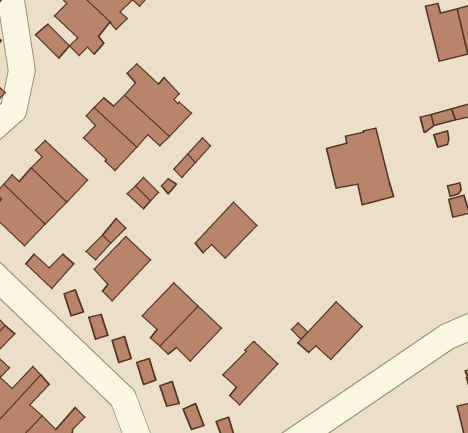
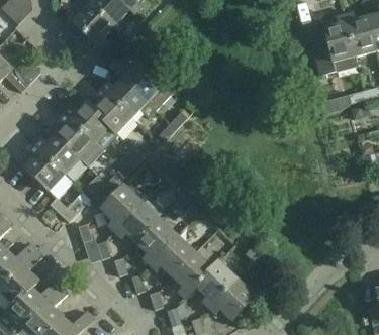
building: none -> [65,102,116,142]
building: [326,128,393,205] -> [309,14,359,71]
building: [195,202,257,258] -> [114,201,160,242]
building: [298,302,362,359] -> [208,277,256,320]
building: none -> [172,251,213,299]

